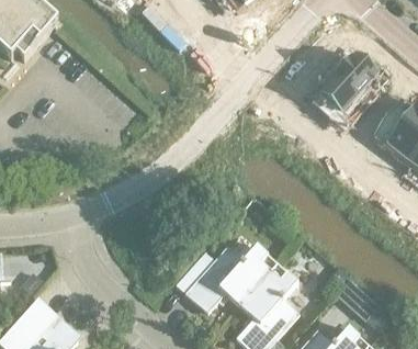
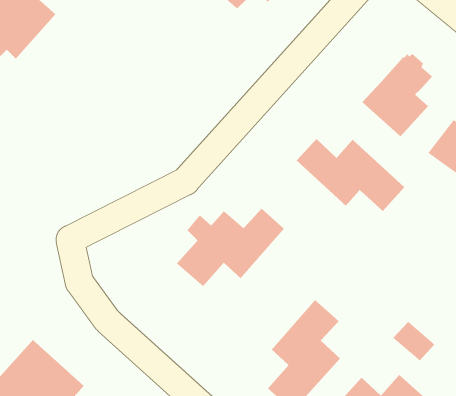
building: none -> [296,138,405,212]
building: [185,245,278,312] -> [176,208,285,287]

